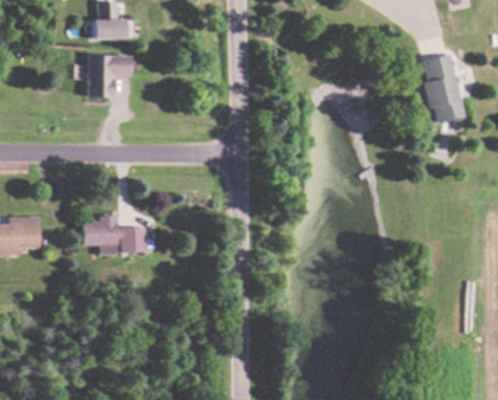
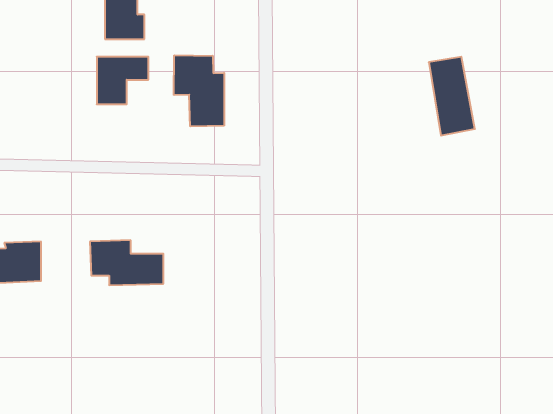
building: none -> [174,55,224,126]
building: [422,55,462,123] -> [429,57,475,136]

